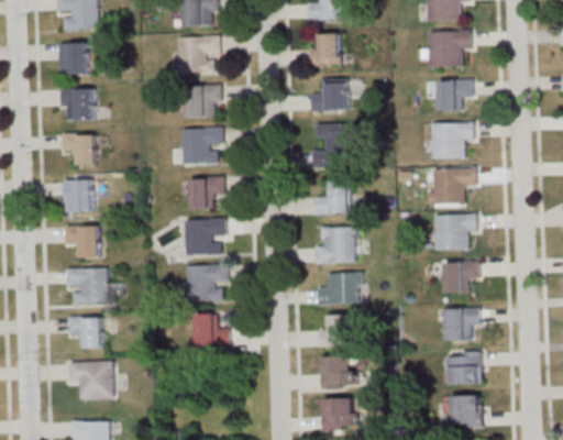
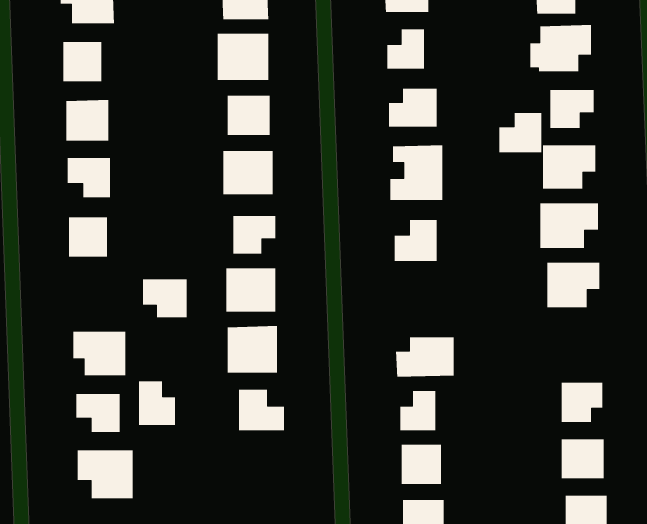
building: none -> [498,112,542,153]
building: [65,227,100,257] -> [142,279,187,318]
building: [316,228,356,263] -> none
building: [443,262,478,293] -> none
building: none -> [138,381,176,426]

